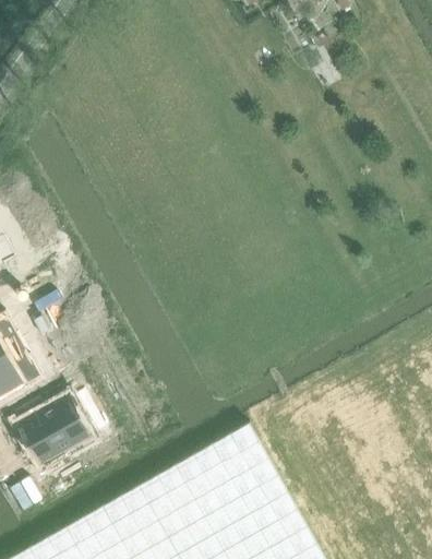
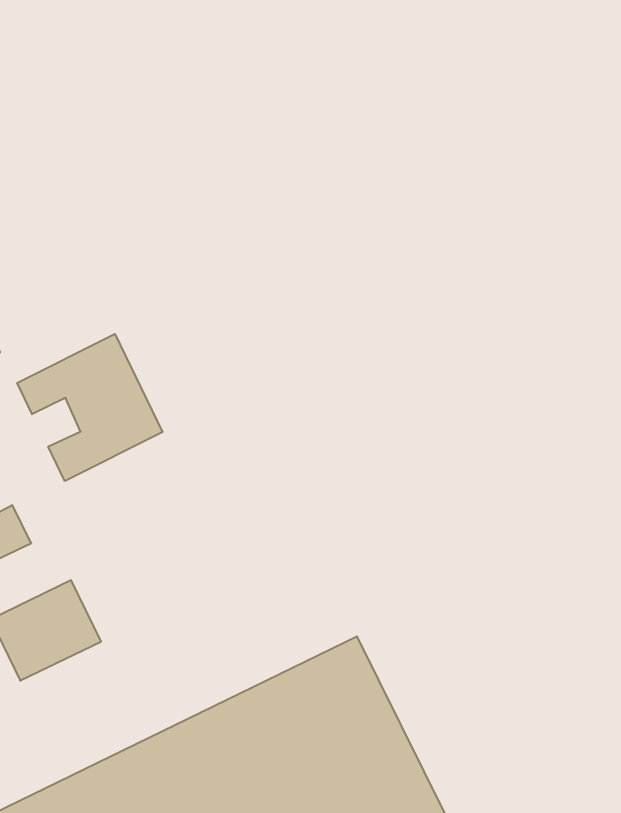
building: none -> [17,334,163,481]

